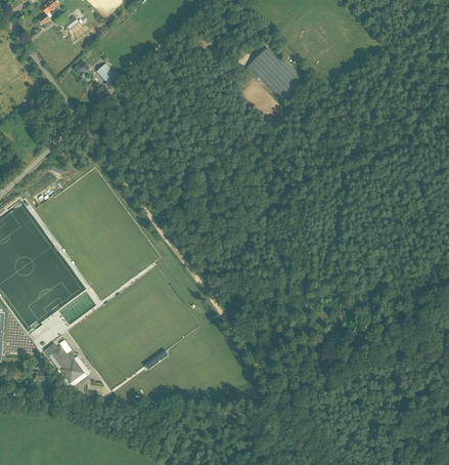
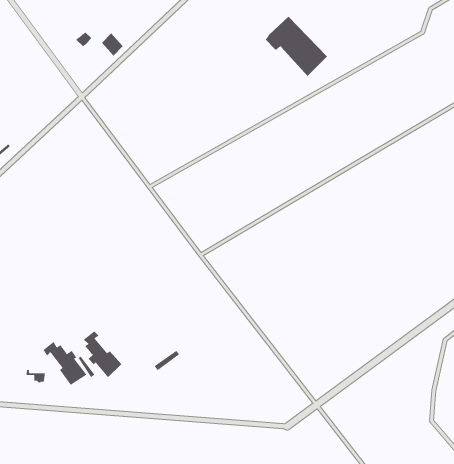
building: none -> [83,330,122,378]

